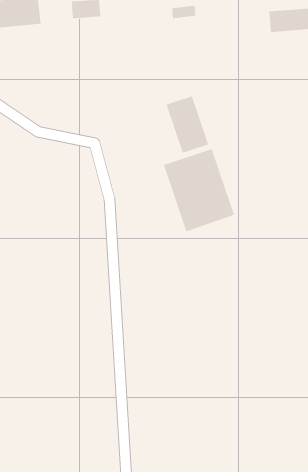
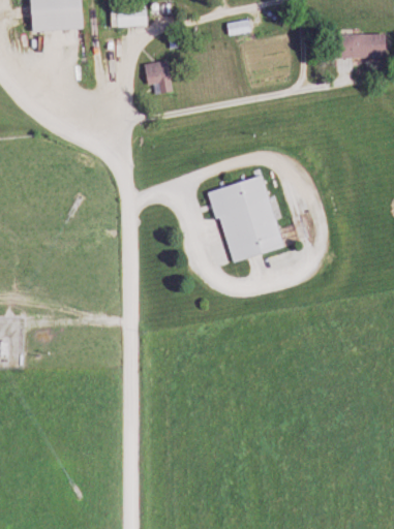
building: none -> [151,62,174,93]
building: [166,95,209,154] -> none

